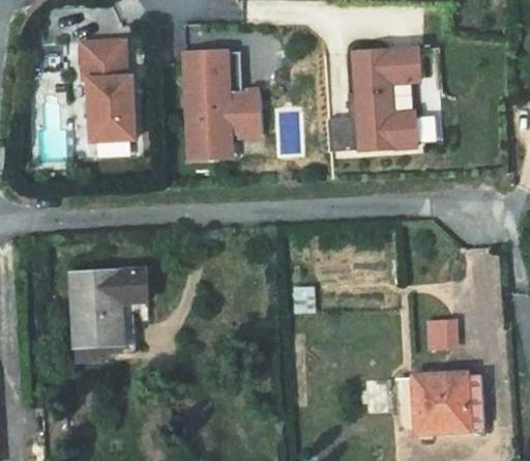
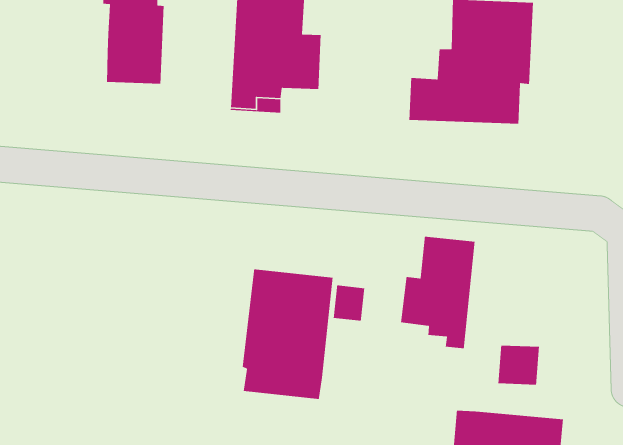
building: none -> [400,236,476,349]
building: none -> [242,269,333,400]
building: [80,280,155,368] -> none

